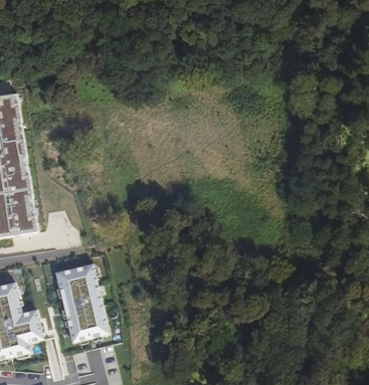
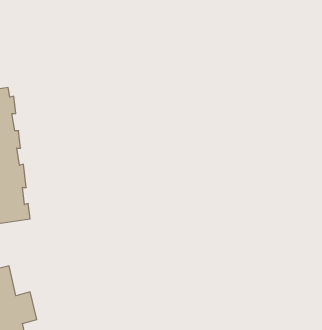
building: [55,263,109,342] -> none

